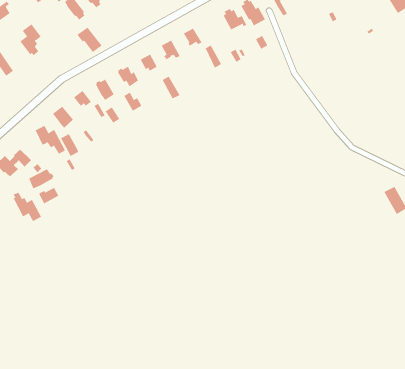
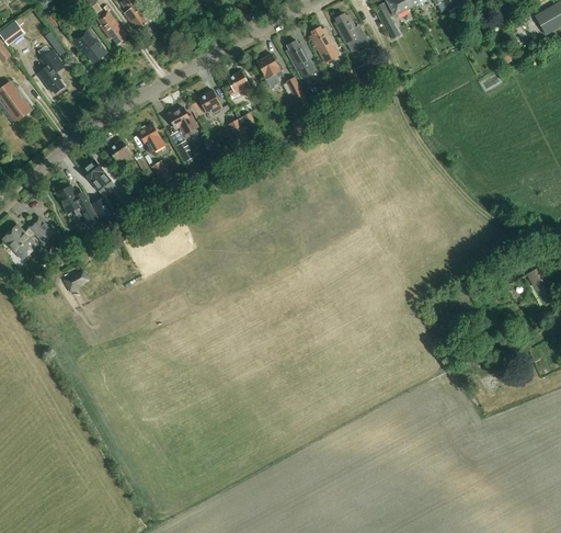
building: none -> [286,39,316,79]
building: [76,27,102,53] -> [71,27,106,63]
building: [28,168,54,189] -> none
building: [13,192,42,222] -> none

